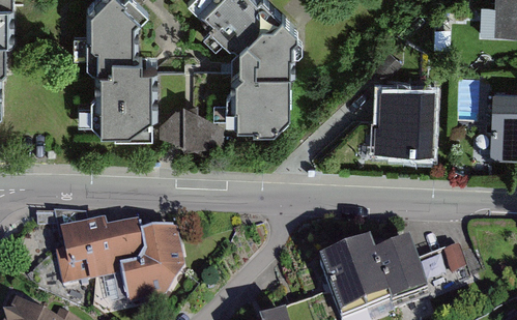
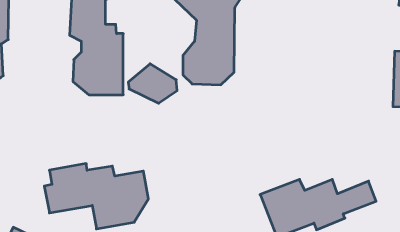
building: [376,79,432,151] -> none

